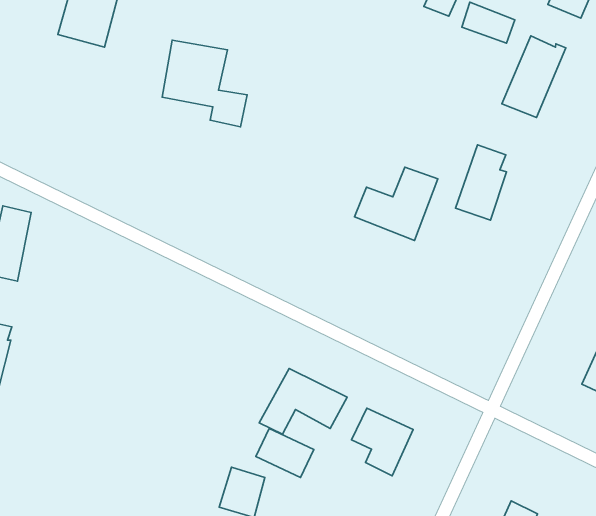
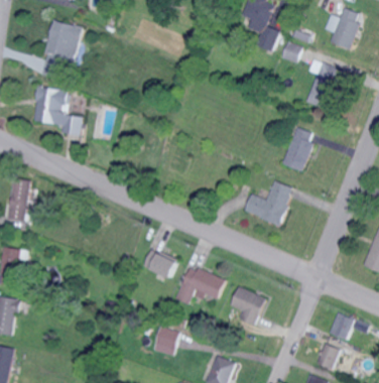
building: [162,40,247,127] -> [34,87,85,136]
building: [355,167,438,240] -> [244,181,292,225]
building: [256,429,314,478] -> [143,250,177,278]
building: none -> [330,313,355,341]

